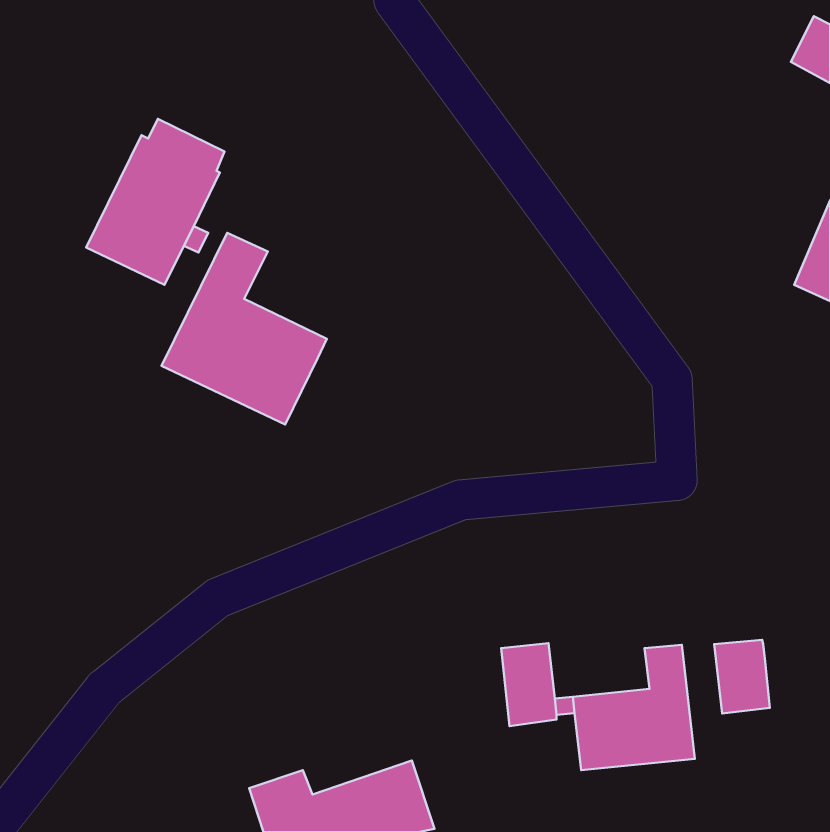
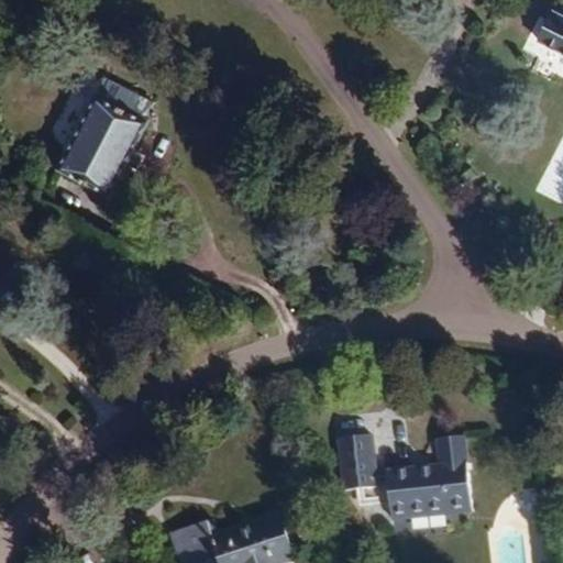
building: [162,233,327,424] -> none
building: [714,640,770,713] -> none

